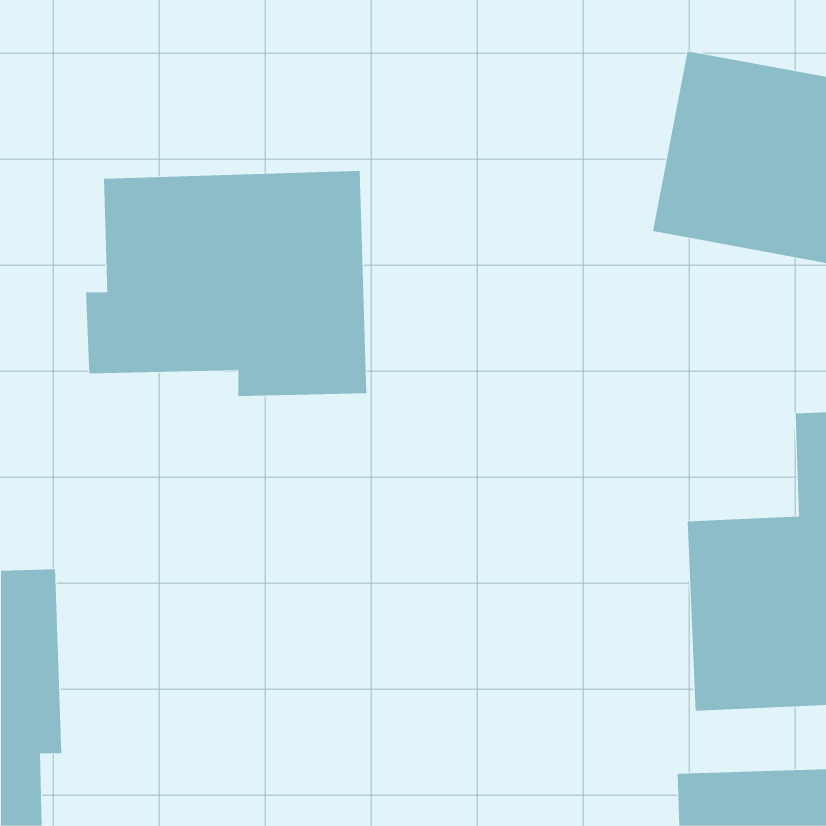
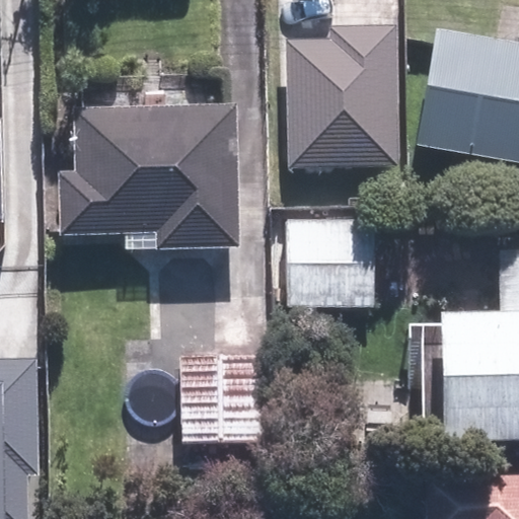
building: none -> [290,33,393,164]
building: none -> [289,218,373,302]
building: none -> [181,357,255,437]

